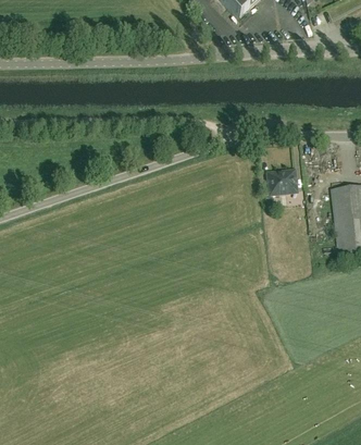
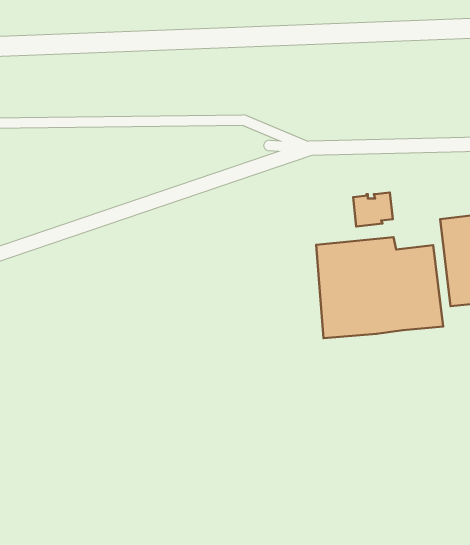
building: none -> [316,237,443,338]

